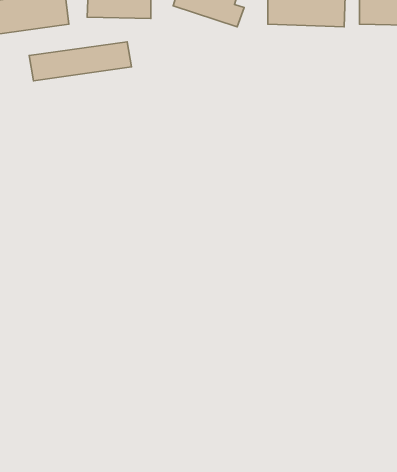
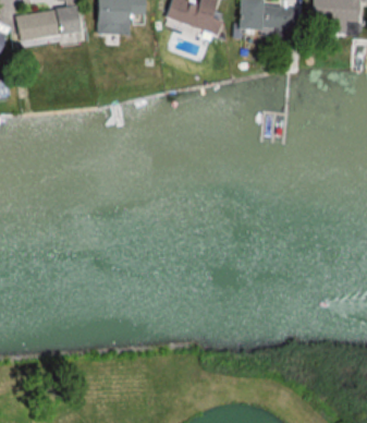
building: [29,42,132,81] -> none

